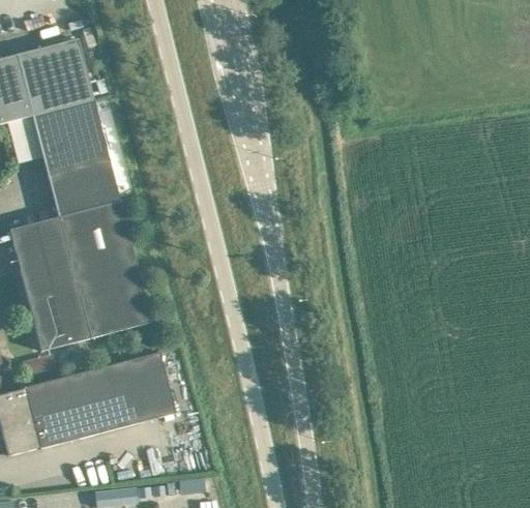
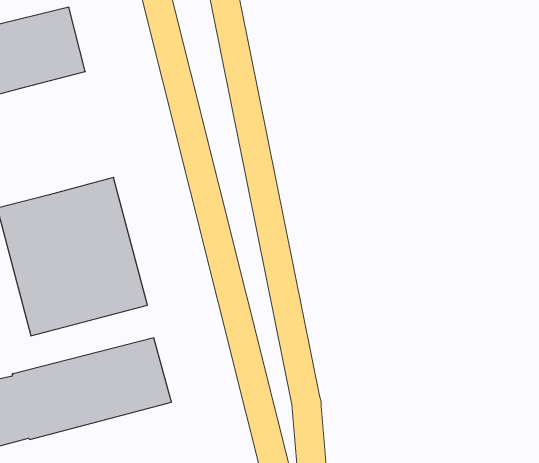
building: [32,99,120,216] -> none

